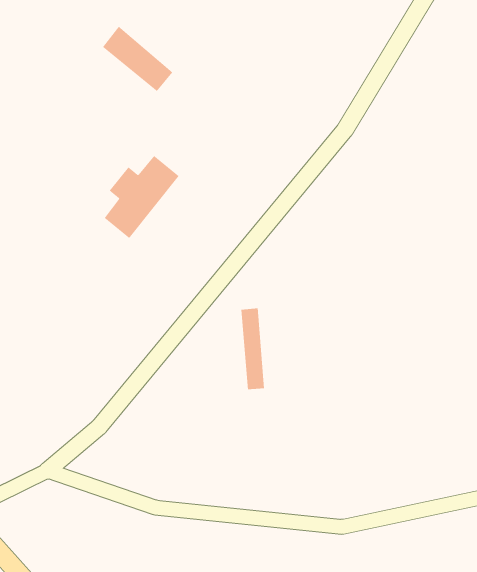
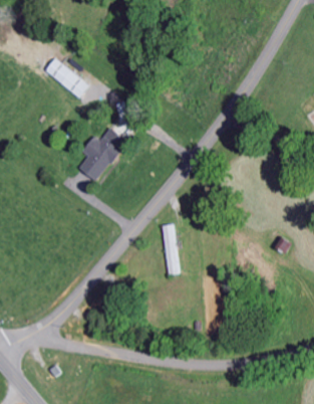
building: [102,26,173,92] -> [46,57,90,98]

